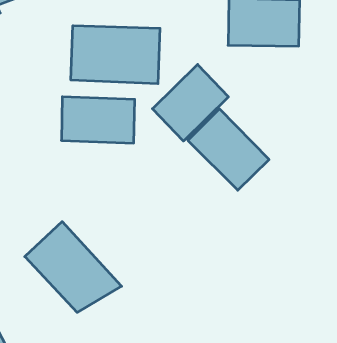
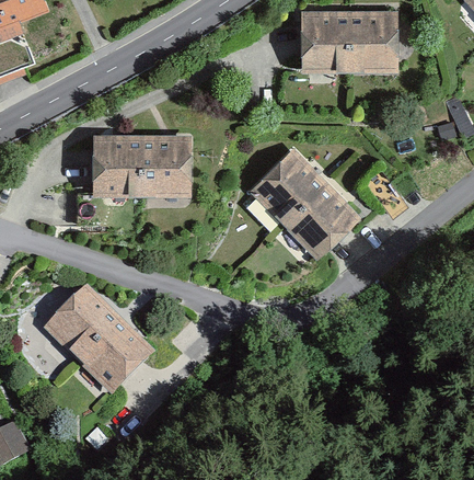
building: [71,26,160,84] -> none
building: [152,64,228,141] -> none

